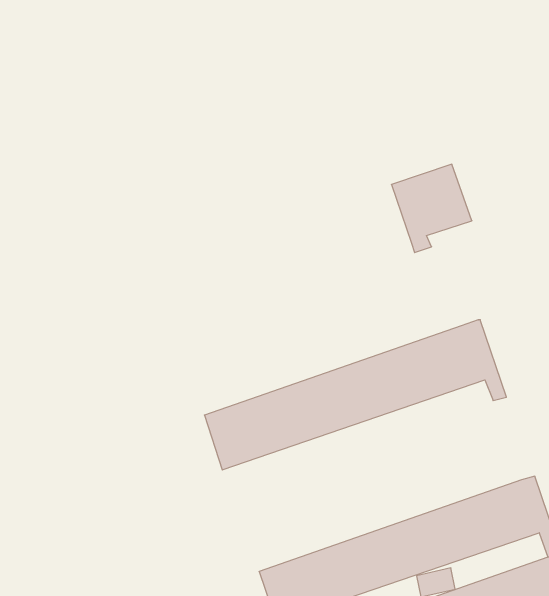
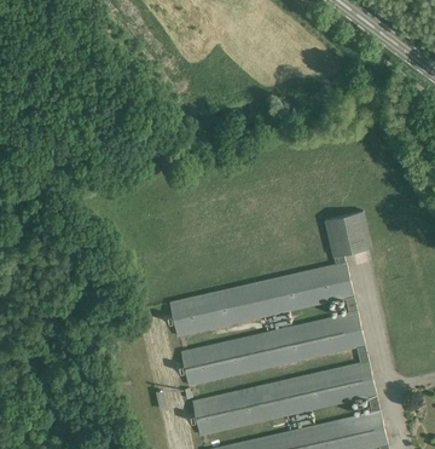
building: [391,164,472,253] -> [324,212,371,264]
building: none -> [180,311,369,386]

